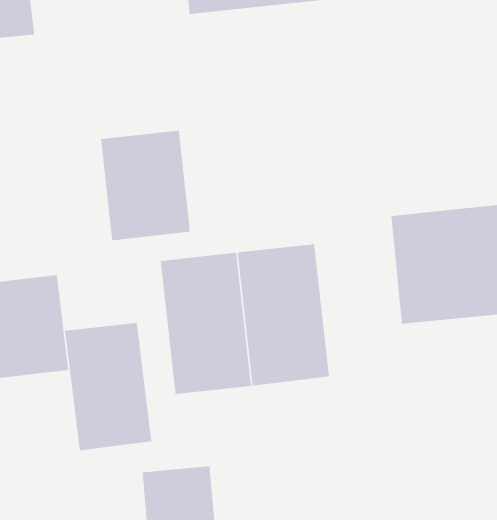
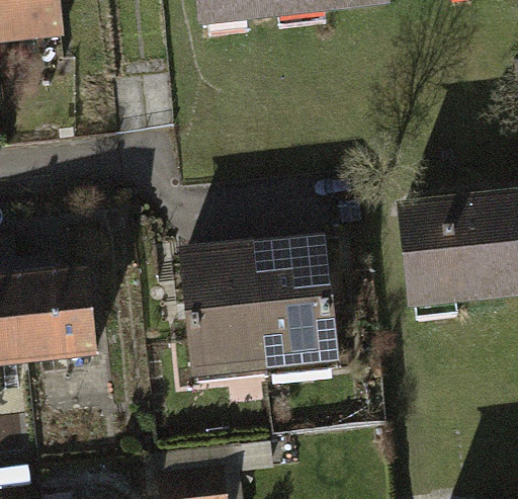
building: [100,130,191,241] -> none
building: [64,322,152,451] -> none

